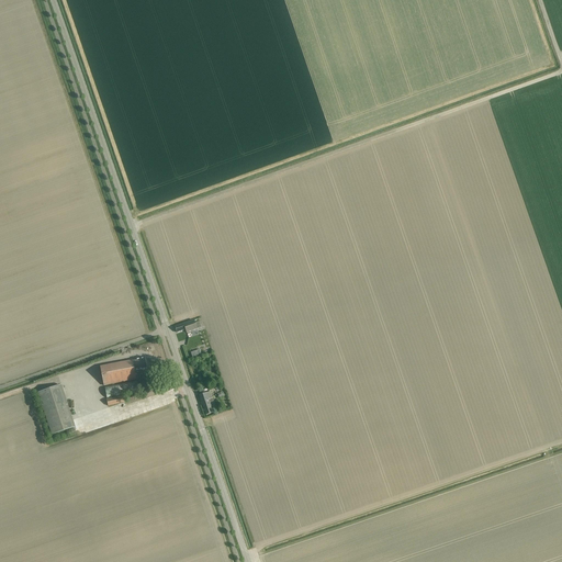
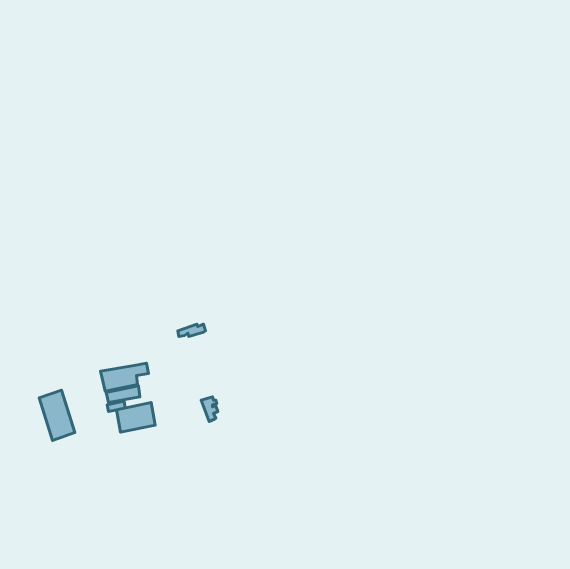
building: none -> [116,403,155,432]

